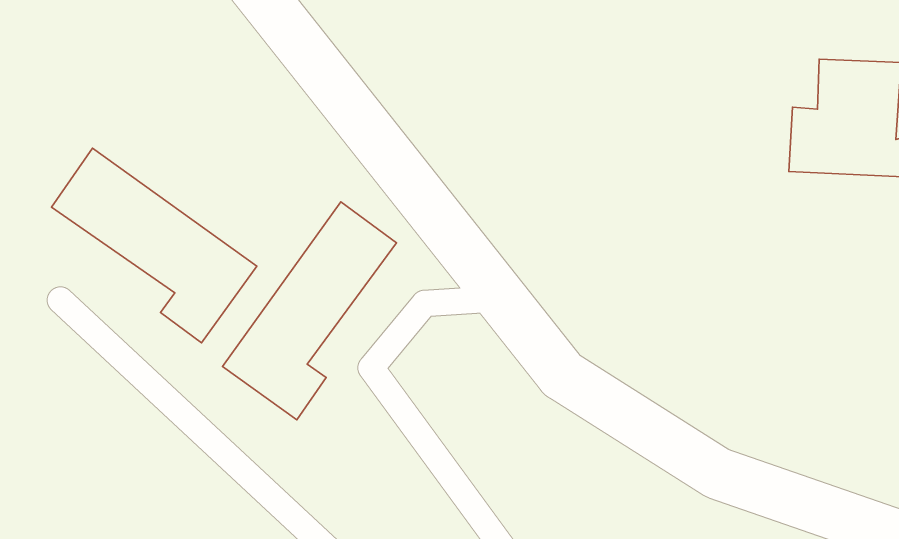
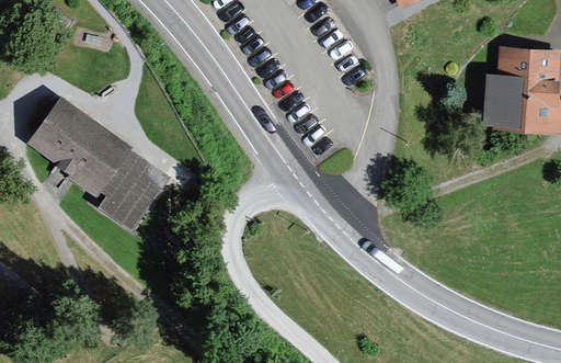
building: [223,202,397,420] -> none

